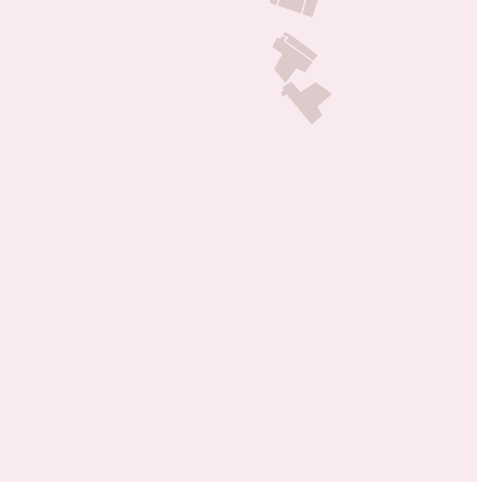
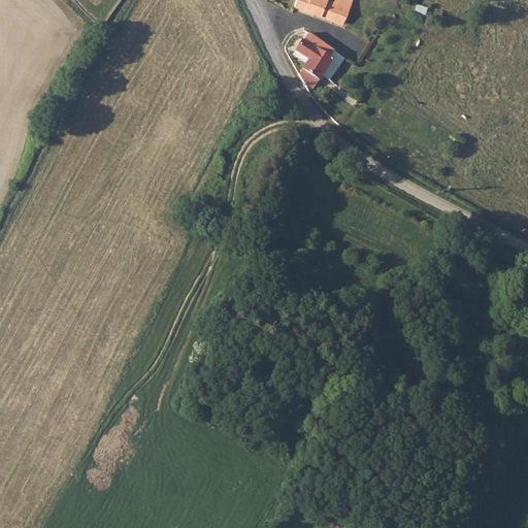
building: [280,80,333,125] -> none

